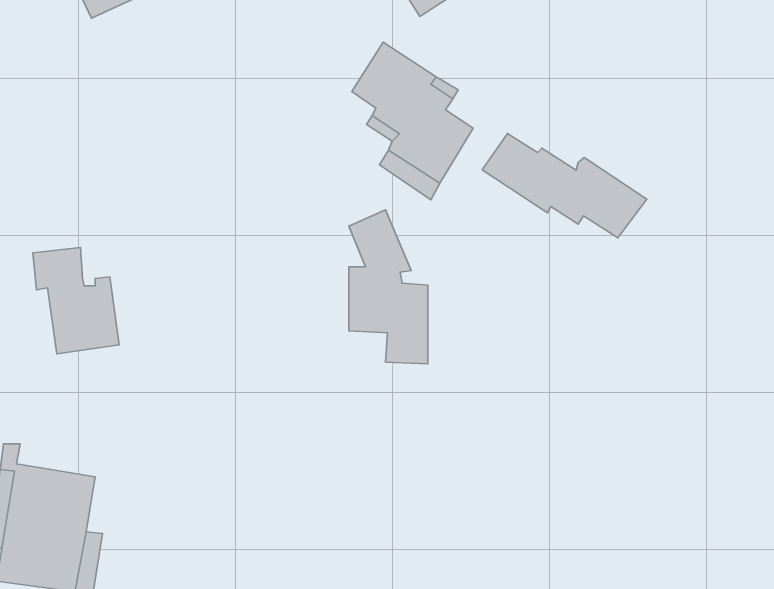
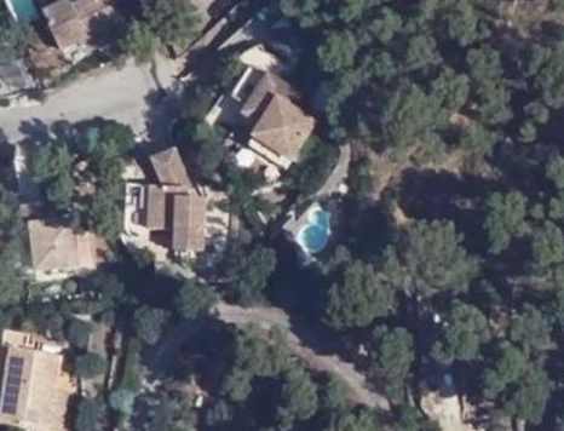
building: [482,133,647,238] -> none
building: [349,210,428,364] -> [151,149,203,251]

